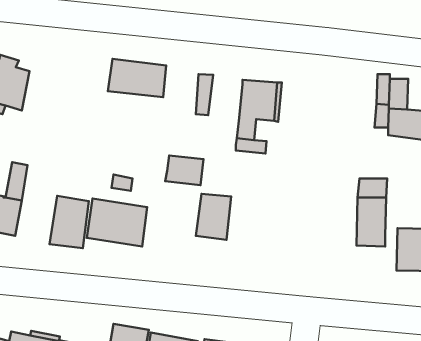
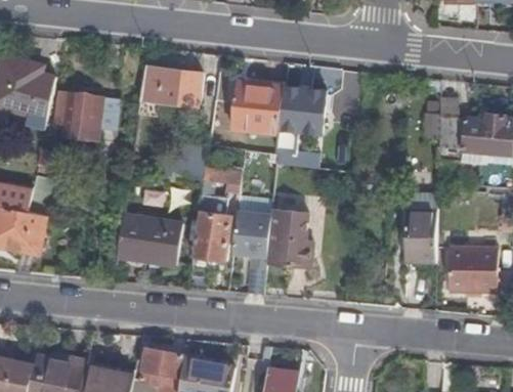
building: none -> [231,81,283,130]
building: none -> [52,90,118,139]
building: none -> [265,207,307,267]
building: none -> [191,210,230,261]
building: [50,196,89,248] -> none

